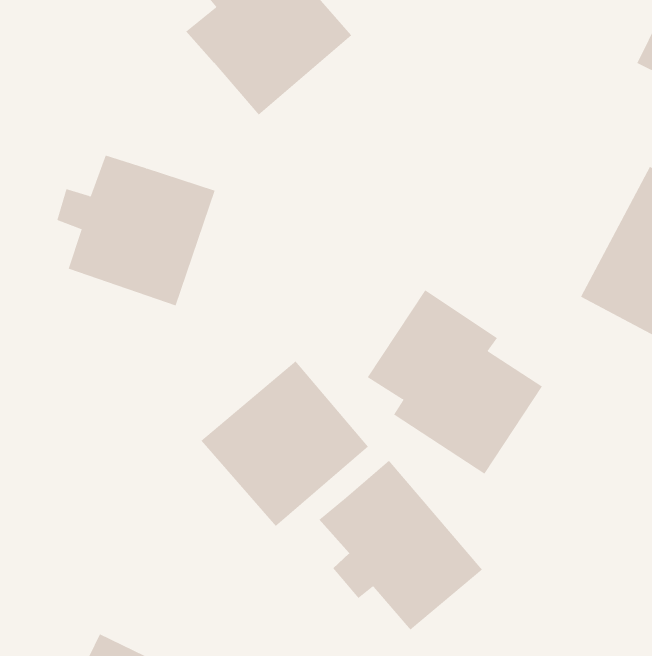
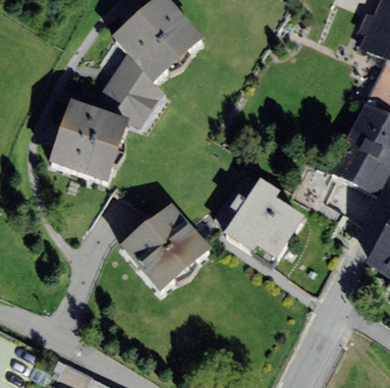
building: none -> [92,52,164,126]
building: [319,460,483,631] -> none

